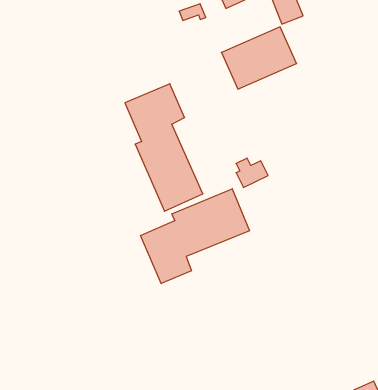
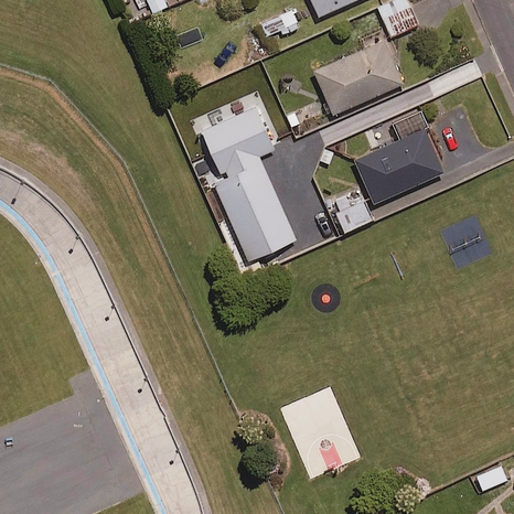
building: none -> [357,128,447,203]
building: [141,189,249,284] -> none

